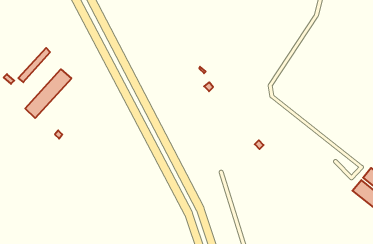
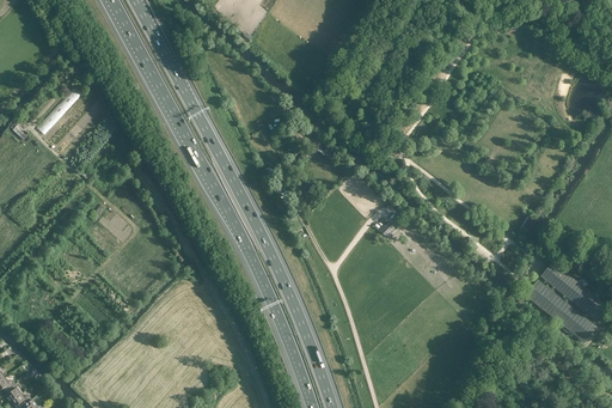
building: [25,69,71,118] -> none

